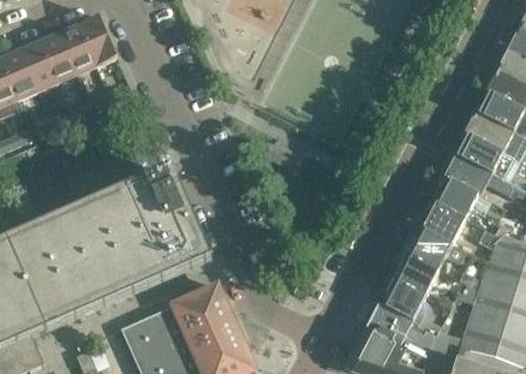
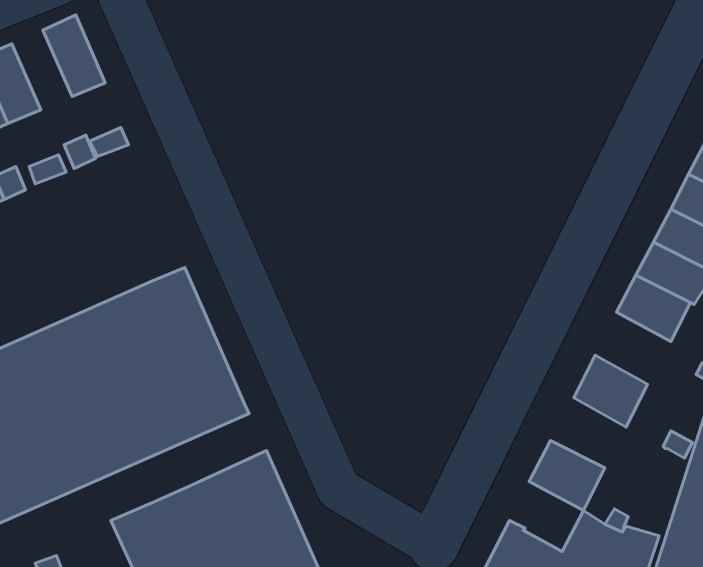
building: [59,24,96,73] -> none
building: [419,198,466,243] -> none
building: [391,251,438,295] -> none
building: [366,303,412,346] -> none

